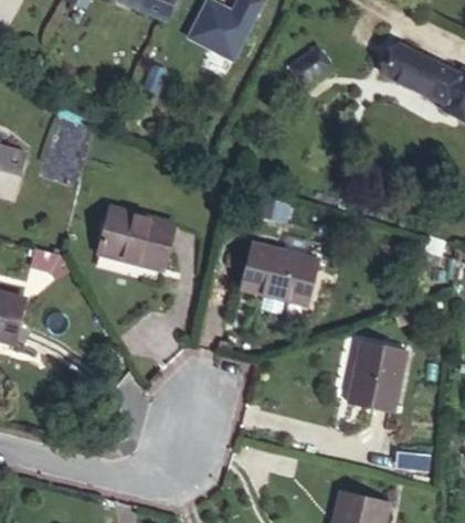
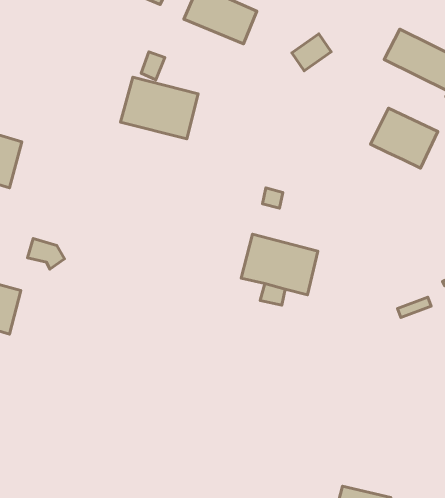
building: none -> [370,108,438,168]
building: [97,207,173,268] -> [120,77,198,139]
building: [348,342,404,410] -> none

